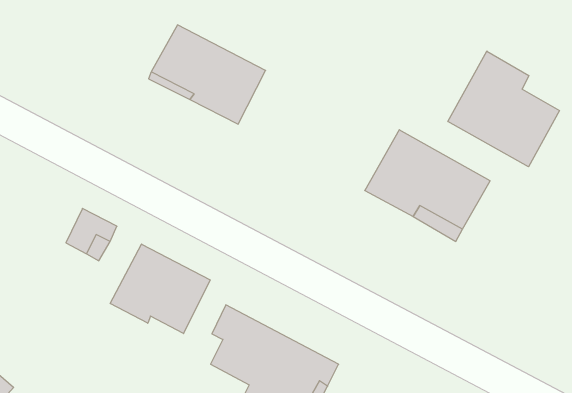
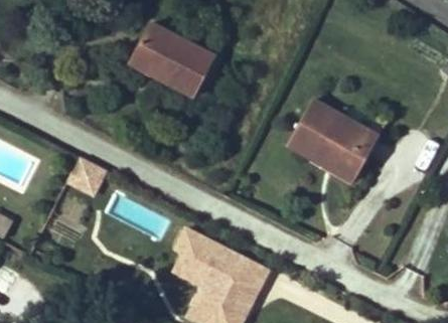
building: [448,51,559,167] -> none
building: [110,244,210,334] -> none

